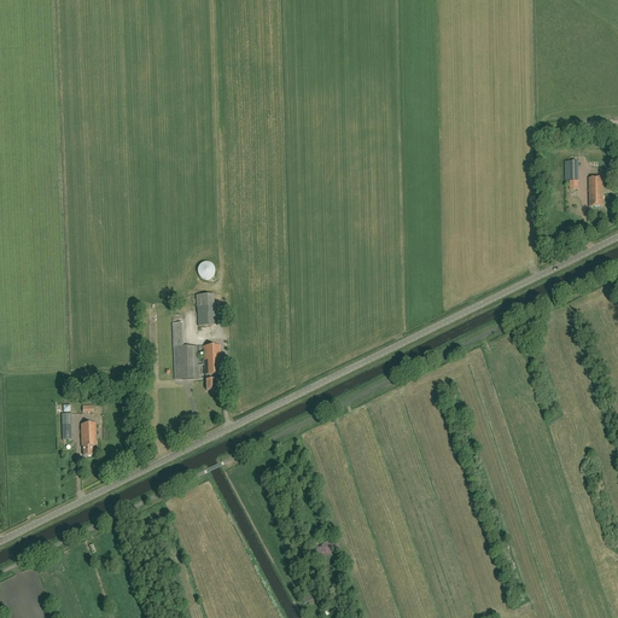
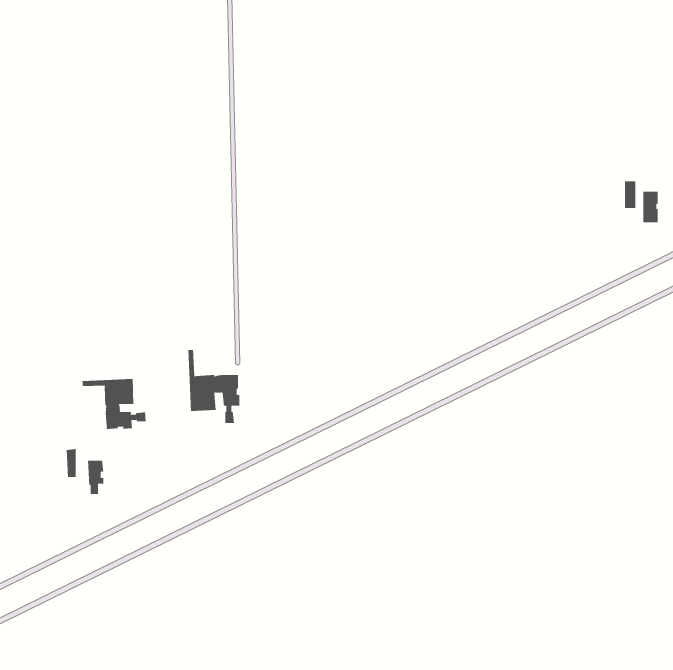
building: [196,292,216,322] -> none
building: none -> [82,378,146,430]

